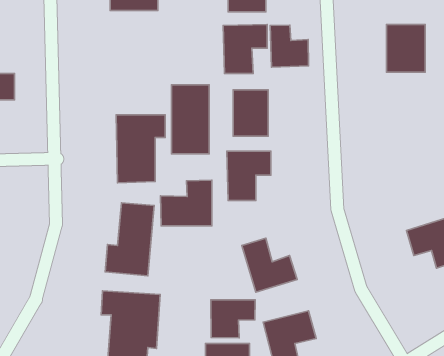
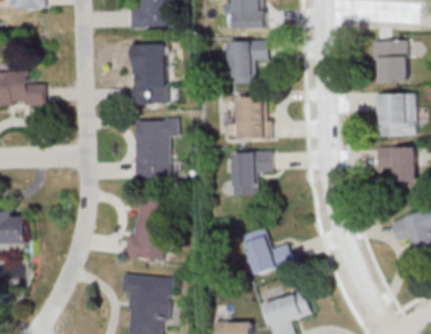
building: [270,25,309,67] -> none
building: none -> [376,93,415,136]
building: [172,85,209,154] -> [133,44,166,105]
building: none -> [377,146,417,189]
building: [160,180,212,226] -> none
building: [211,300,255,338] -> none

